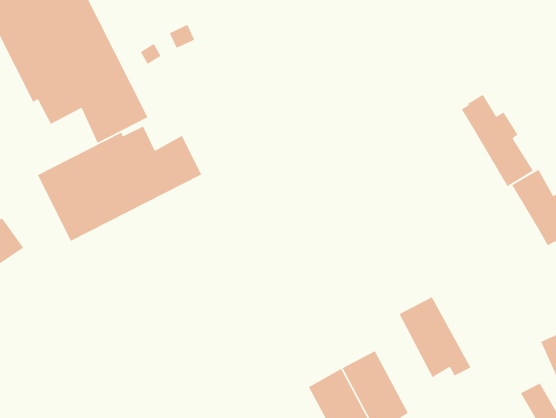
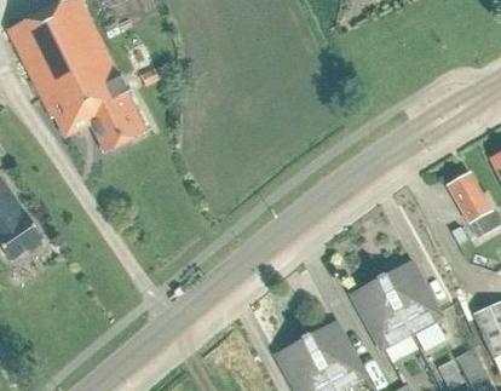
building: [461,94,534,187] -> none
building: [37,126,202,242] -> none
building: none -> [381,261,438,337]

